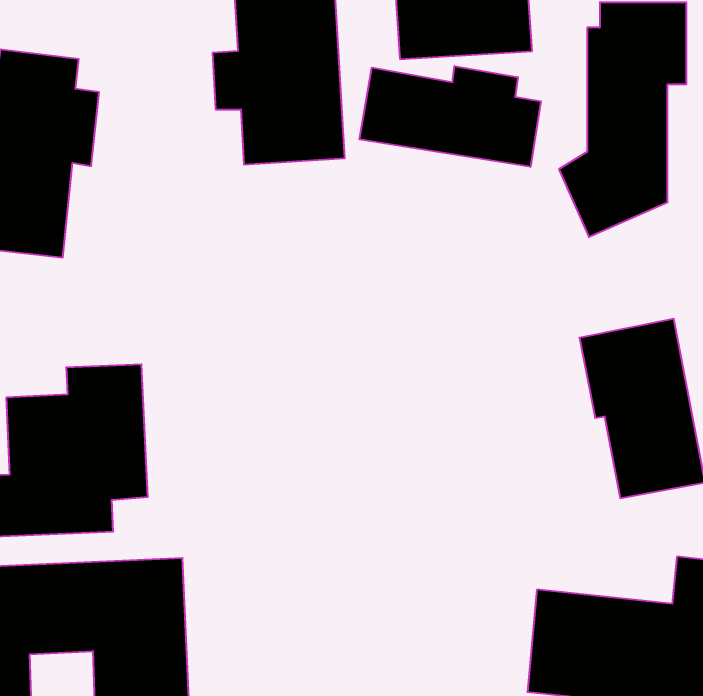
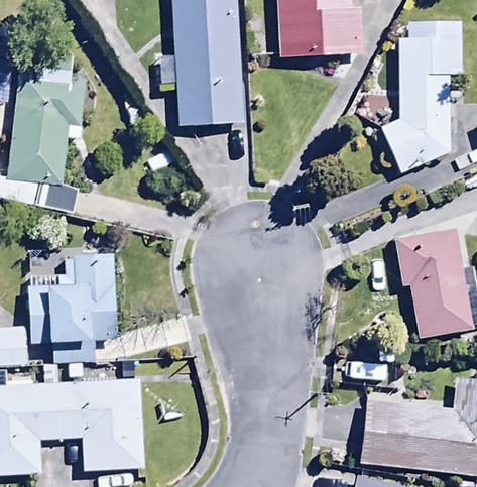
building: [359,66,541,167] -> none

